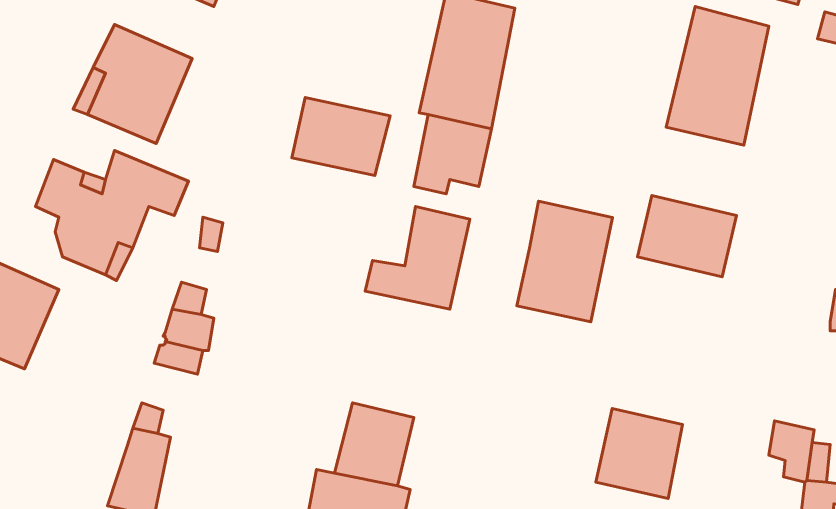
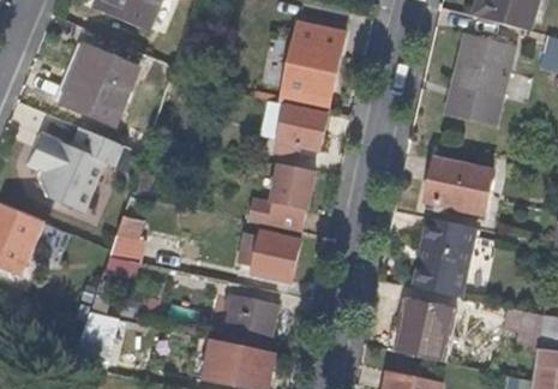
building: [292,97,390,175] -> none
building: [517,201,613,322] -> [414,215,478,295]
building: none -> [236,227,300,282]

